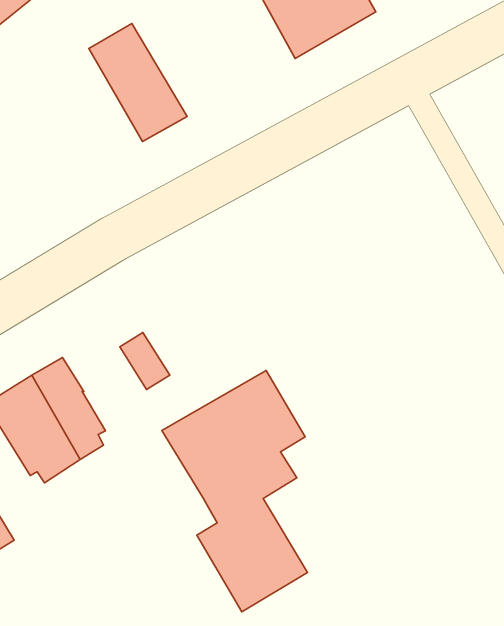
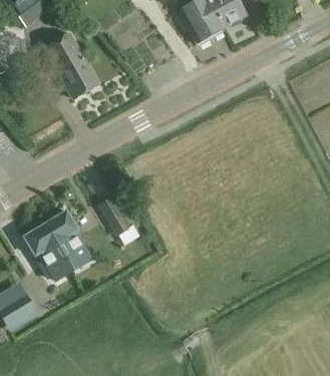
building: [89,23,187,142] -> [43,32,98,98]
building: [162,371,308,612] -> none

